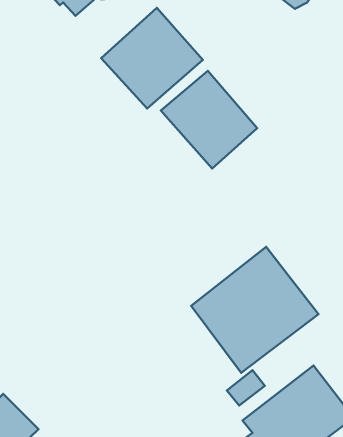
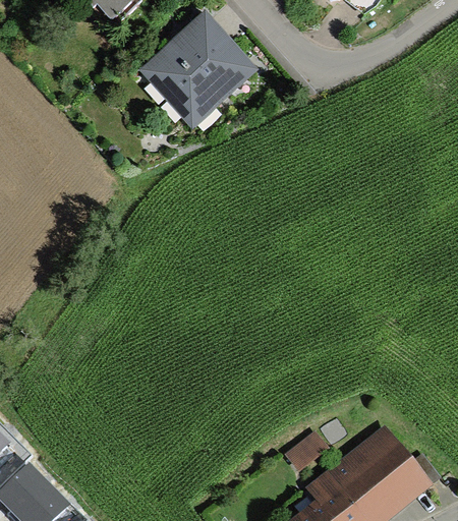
building: [161,71,257,169] -> none
building: [191,247,318,373] -> none

